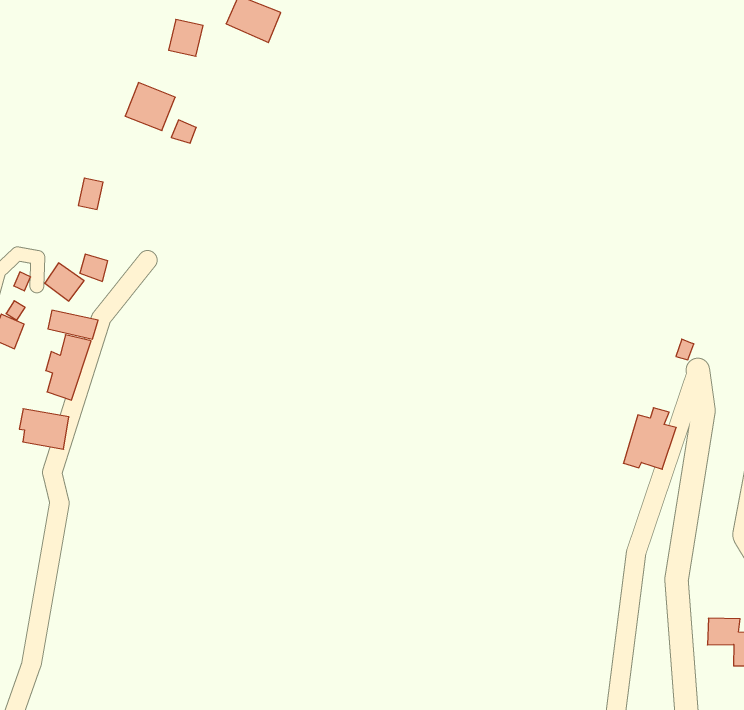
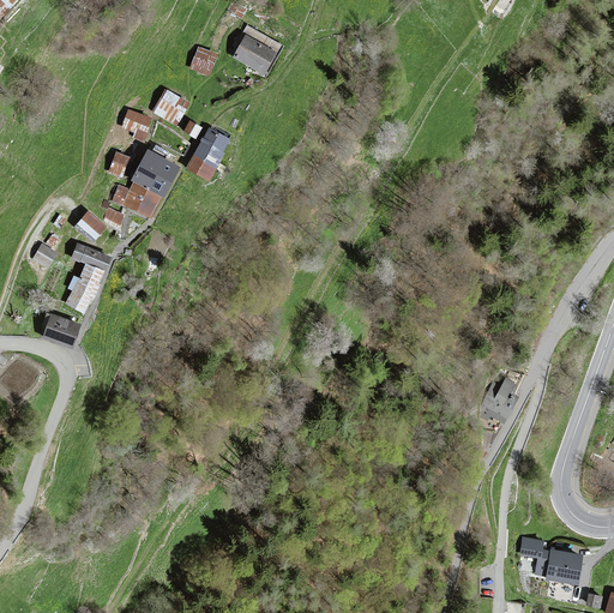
building: none -> [122,108,152,140]
building: none -> [189,127,229,176]
building: none -> [113,150,180,217]

